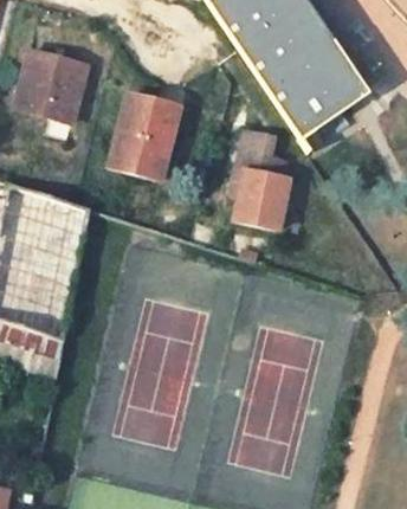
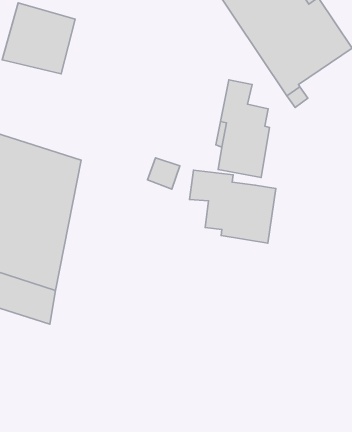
building: [108,95,179,179] -> none
building: none -> [190,170,276,243]

